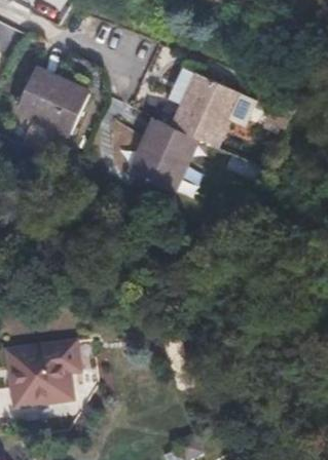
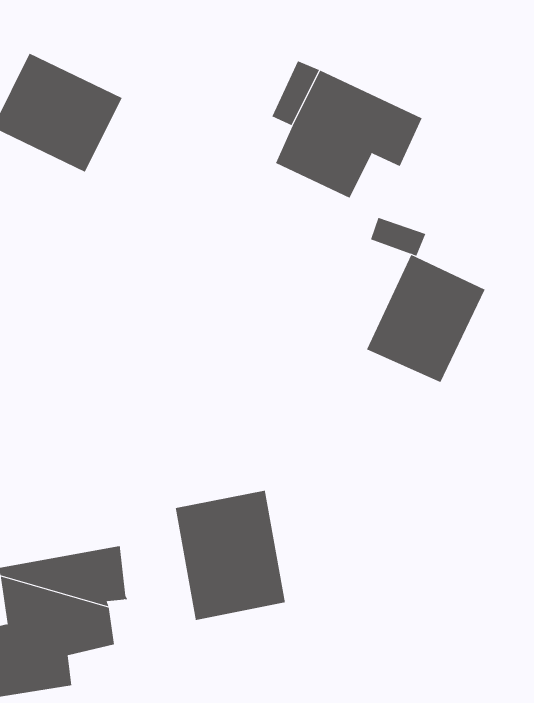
building: [127,120,193,191] -> [366,254,485,383]
building: none -> [175,490,286,621]

